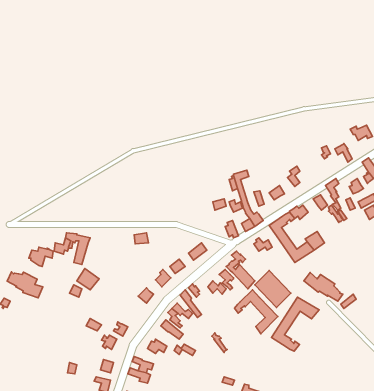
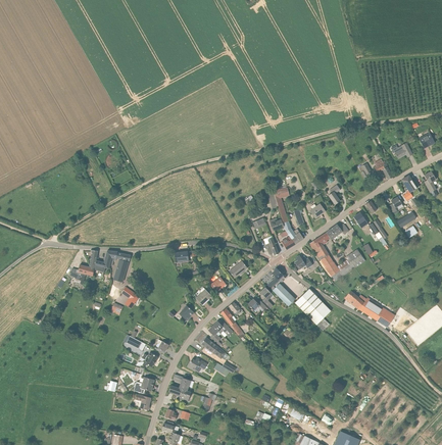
building: [7,272,43,298] -> none
building: [234,290,278,334] -> none
building: [271,297,319,351] -> none

